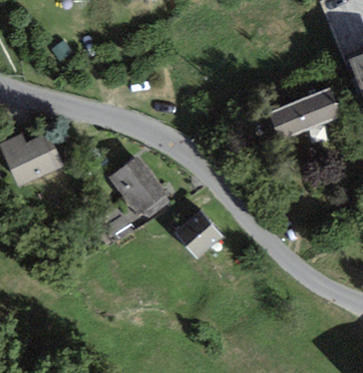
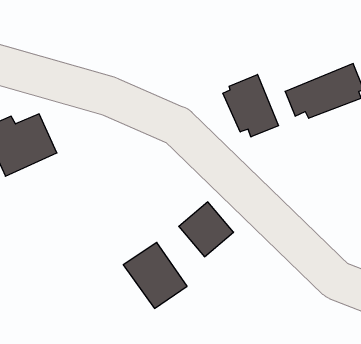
building: none -> [223,74,278,137]
building: [108,156,165,216] -> [123,242,187,308]

